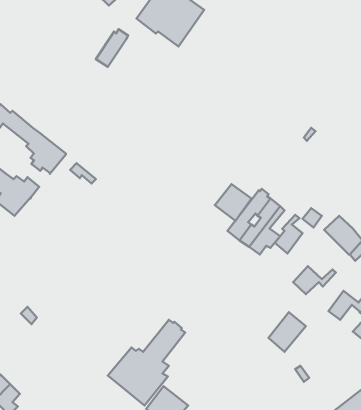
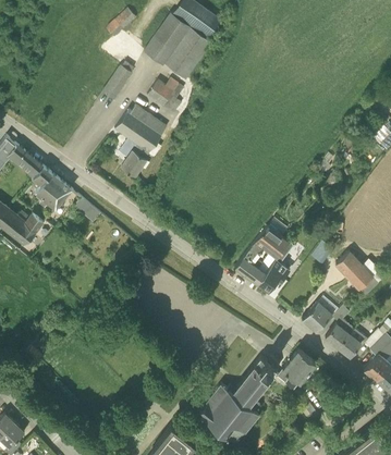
building: none -> [146,78,184,112]
building: none -> [114,106,167,177]
building: [215,184,251,221] -> none
building: [275,215,303,253] -> [325,309,353,348]
building: [108,320,185,406] -> [198,357,277,444]

